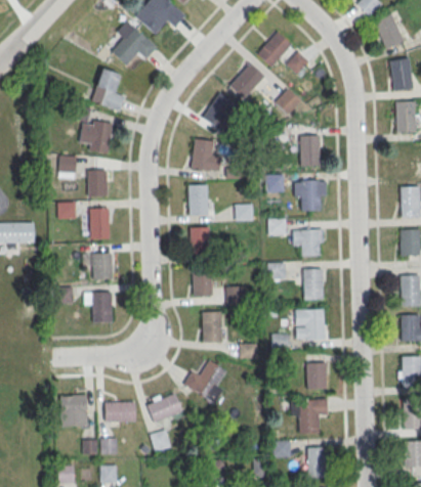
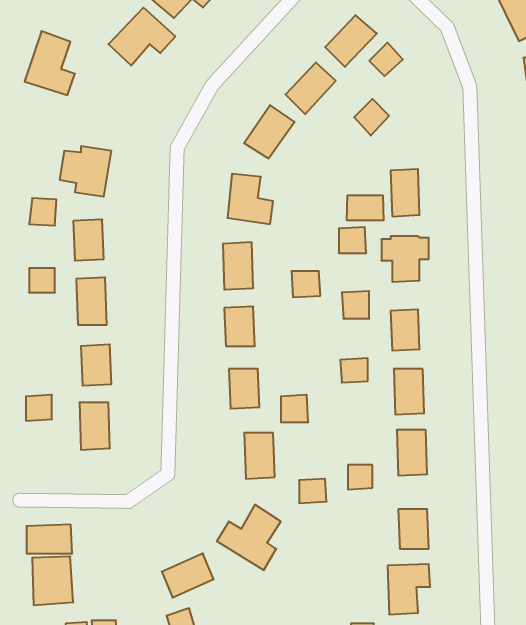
building: [90,68,124,110] -> [25,31,75,95]
building: none -> [347,195,384,220]
building: [104,402,135,422] -> [27,525,72,553]

